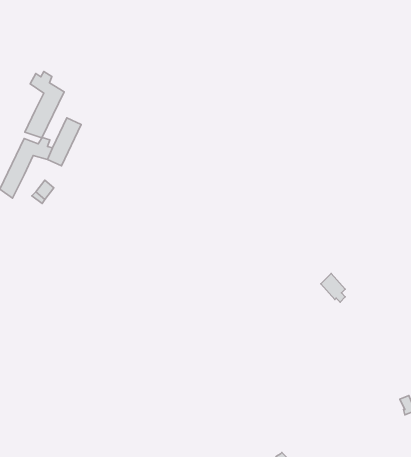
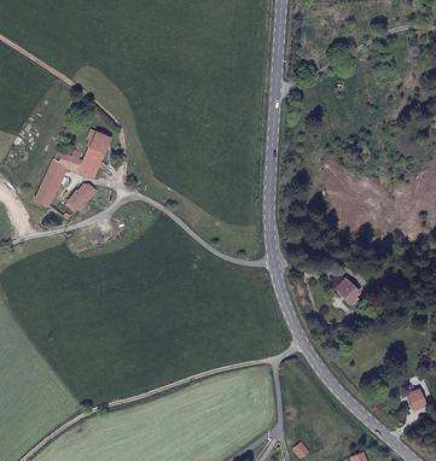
building: [25,72,64,138] -> none

